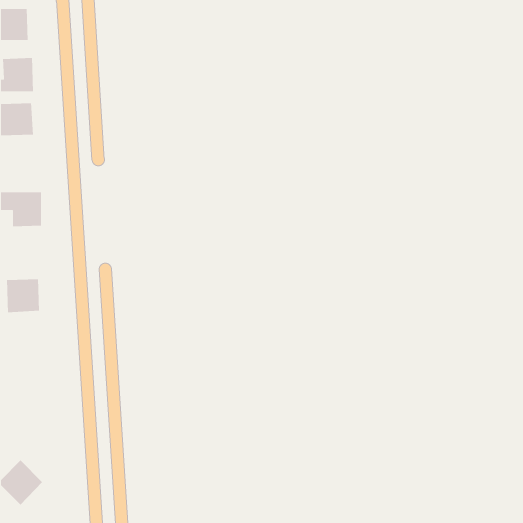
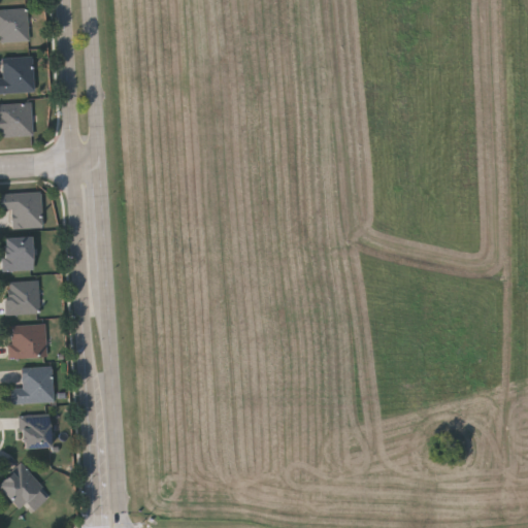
building: none -> [4,238,33,270]
building: none -> [9,325,47,359]
building: none -> [11,367,54,403]
building: none -> [22,416,51,448]

